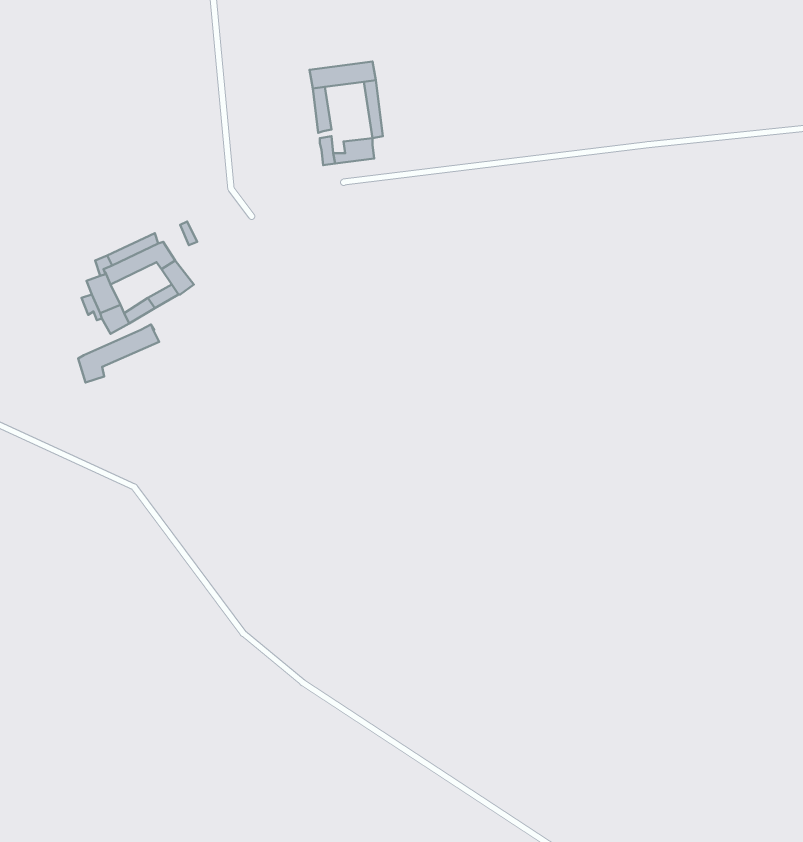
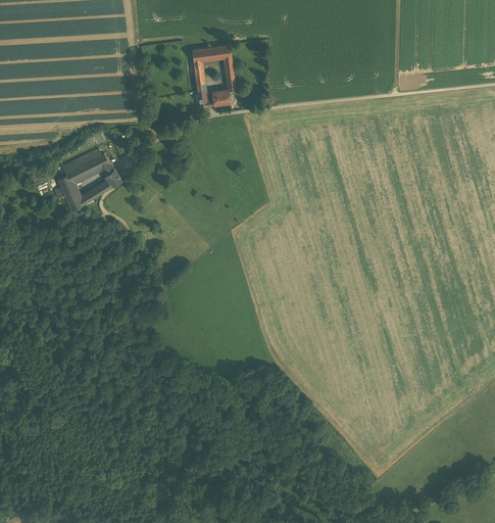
building: [78,325,159,382] -> none

